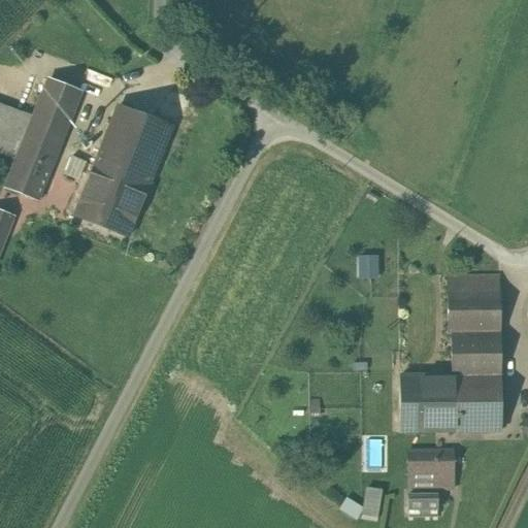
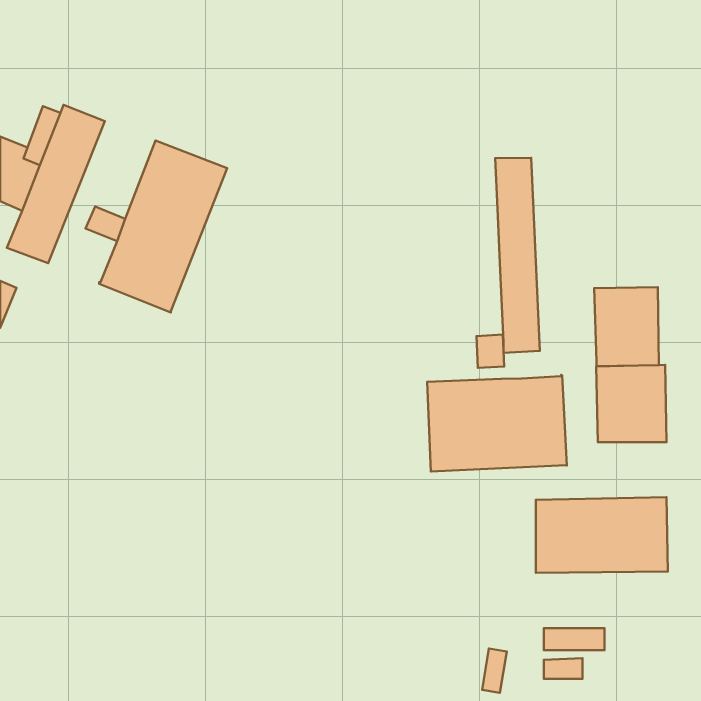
building: none -> [495,158,540,353]
building: none -> [594,287,659,366]
building: none -> [427,375,567,472]
building: [453,331,501,373] -> none
building: [409,450,455,470] -> none

